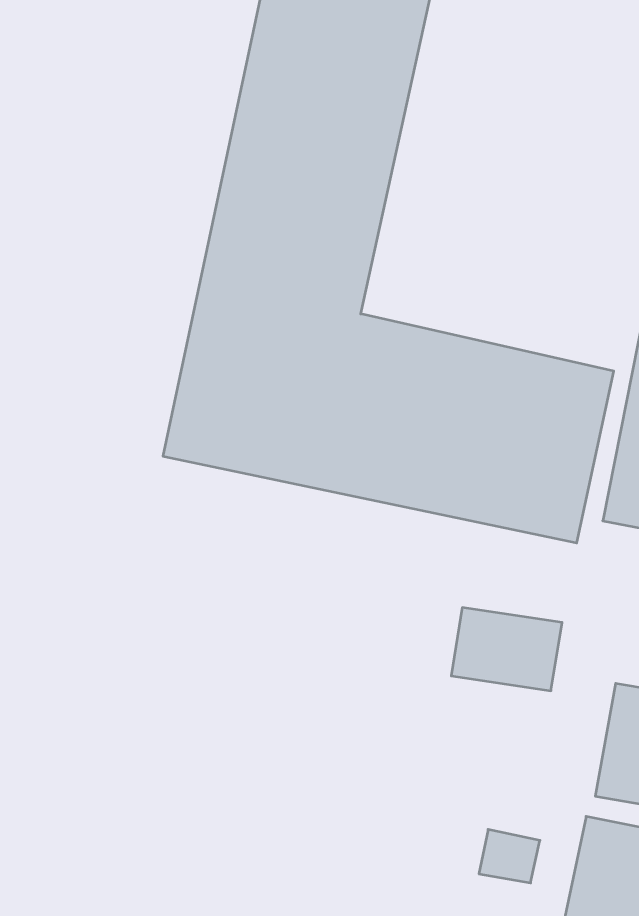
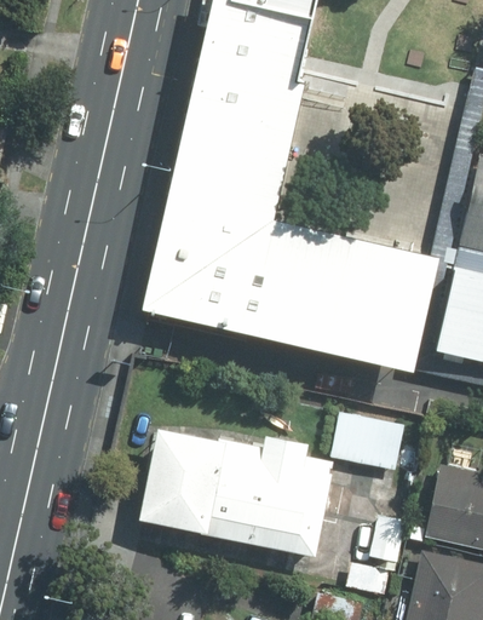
building: none -> [138,427,334,555]

